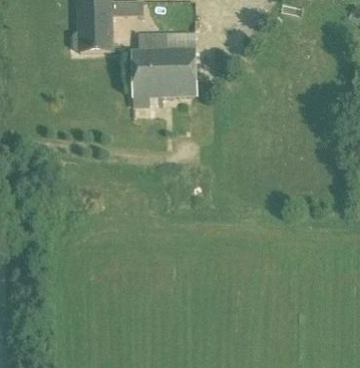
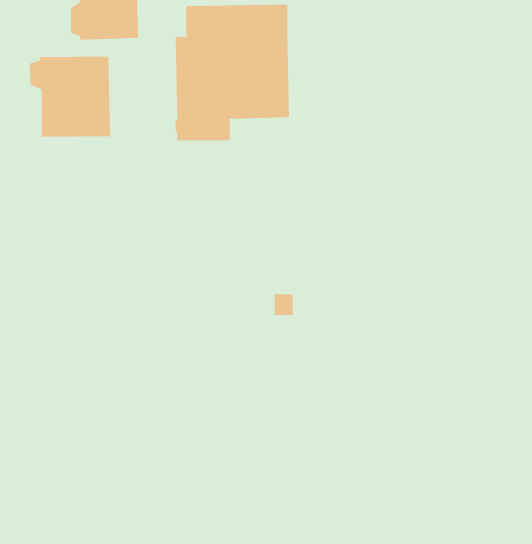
building: none -> [29,56,110,138]

